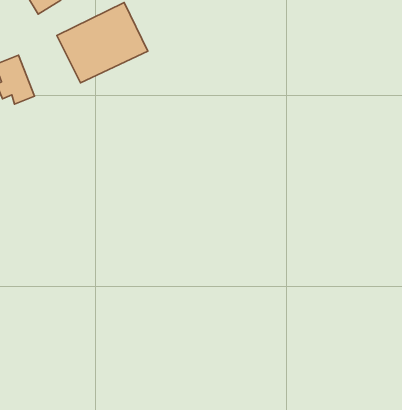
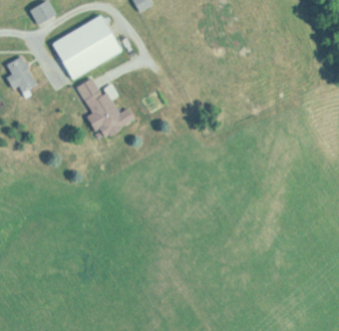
building: none -> [74,76,134,139]

